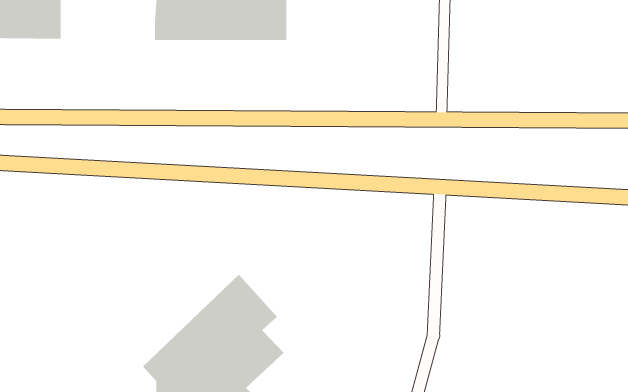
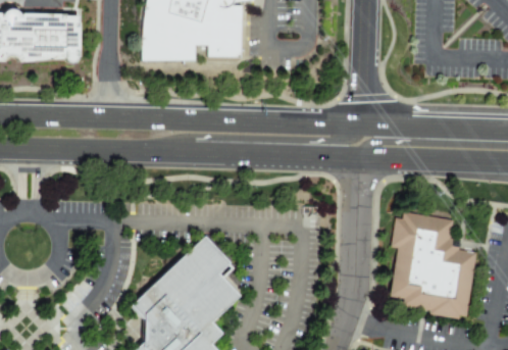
building: none -> [385,217,469,315]

